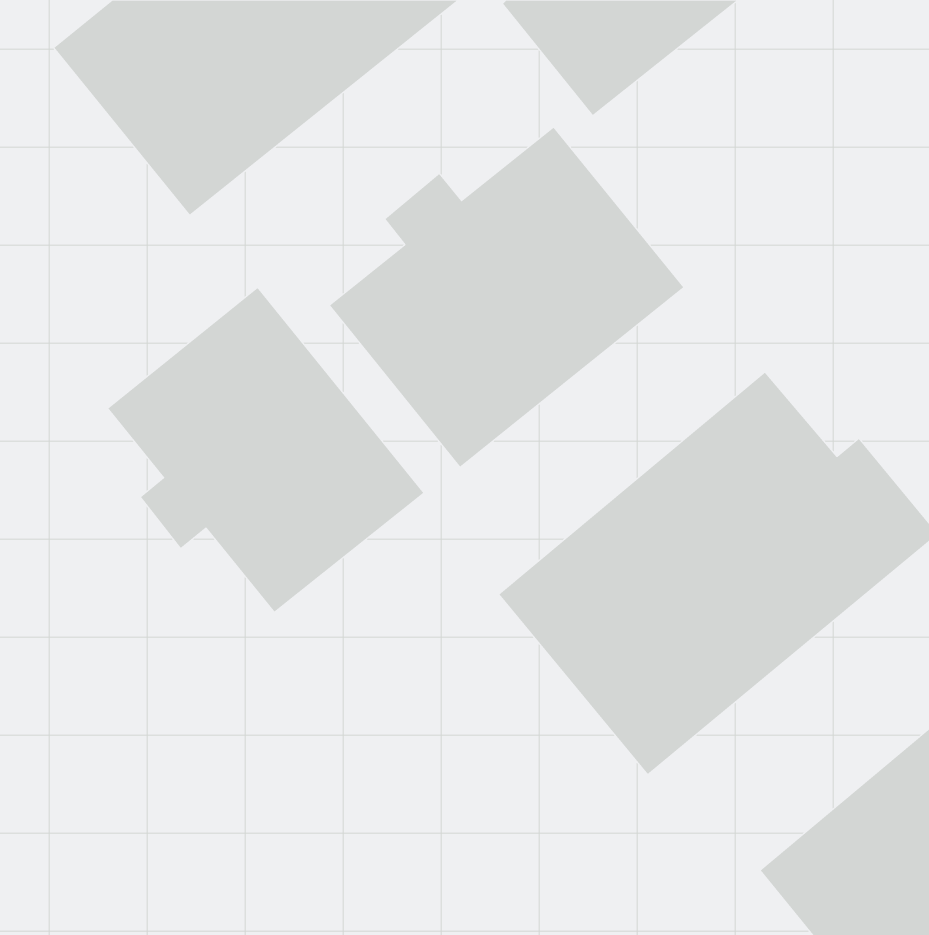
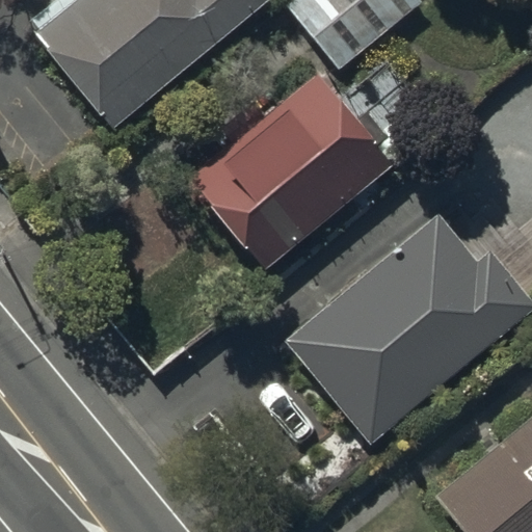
building: [108,287,424,612] -> none

